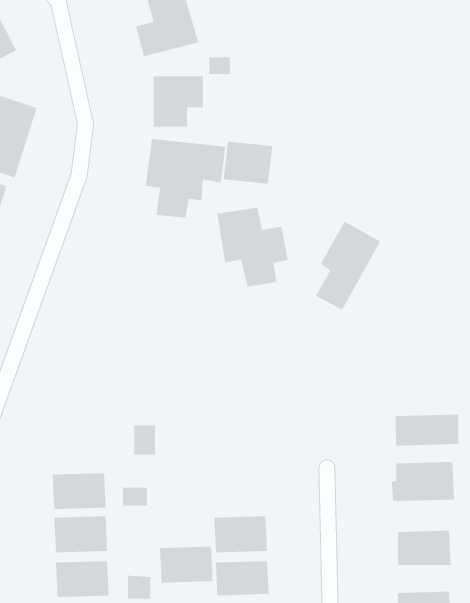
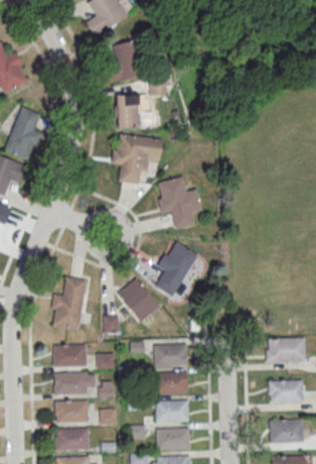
building: [223,141,273,185] -> none
building: [315,221,381,310] -> [155,239,196,296]
building: none -> [49,275,85,328]
building: none -> [116,277,159,321]
building: [395,414,459,446] -> none
building: [159,546,214,583] -> [153,343,187,366]

